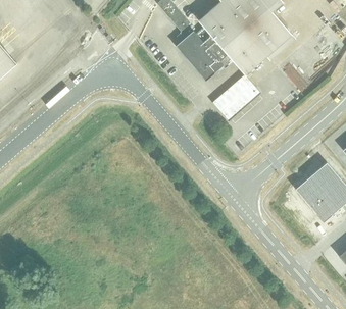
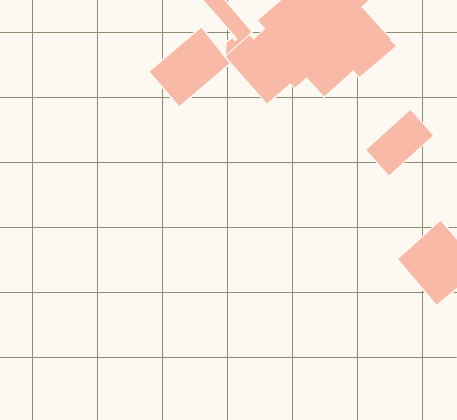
building: none -> [148,27,230,107]
building: [211,74,259,121] -> [365,109,434,176]

